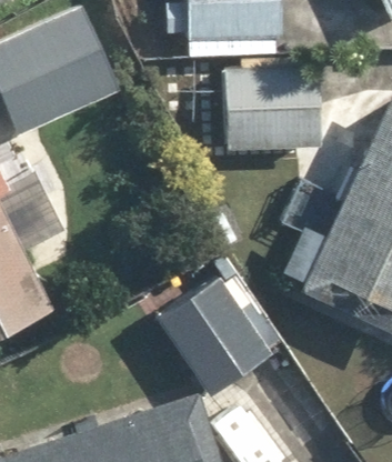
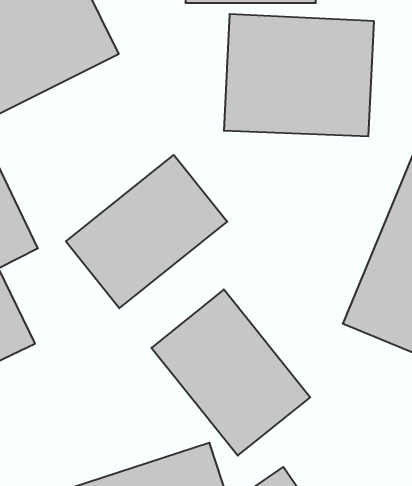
building: none -> [66,155,227,308]

